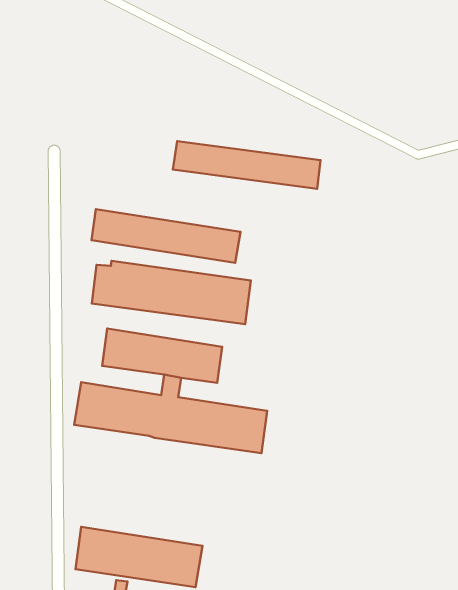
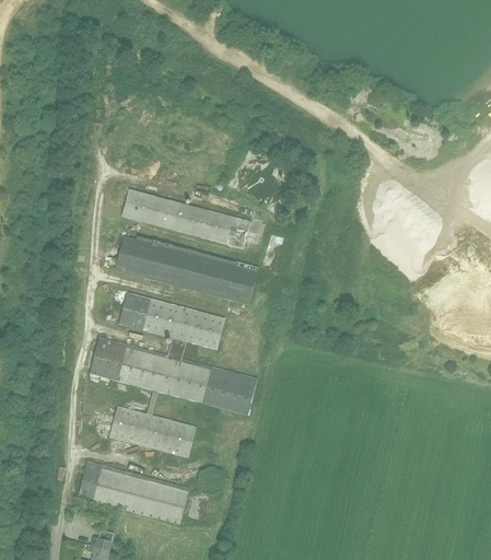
building: [173,141,320,189] -> none
building: none -> [109,389,196,458]

